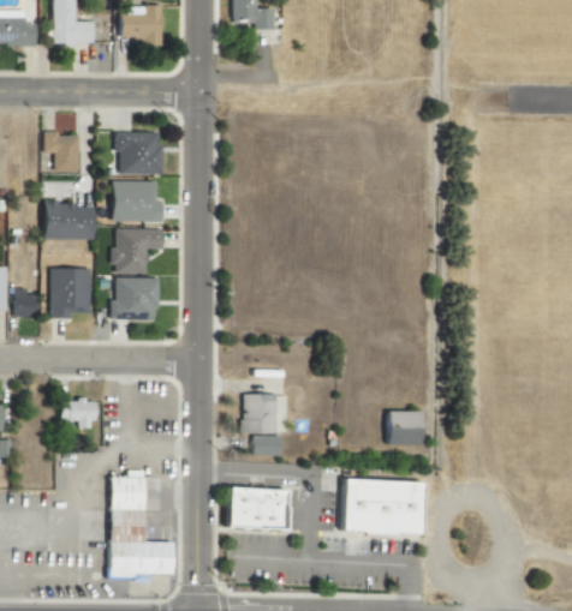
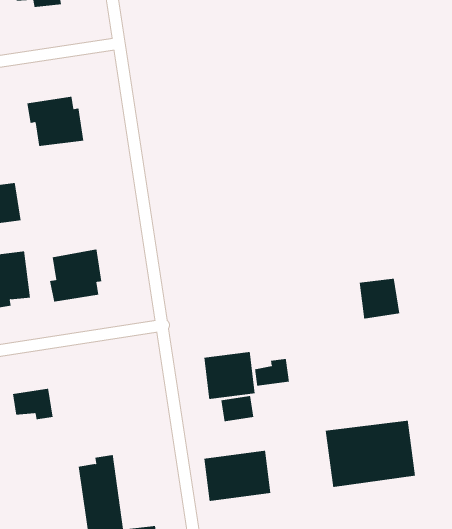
building: [112,181,161,222] -> none
building: [113,228,163,274] -> none
building: none -> [255,358,289,386]
building: [387,411,422,445] -> [359,278,400,319]

